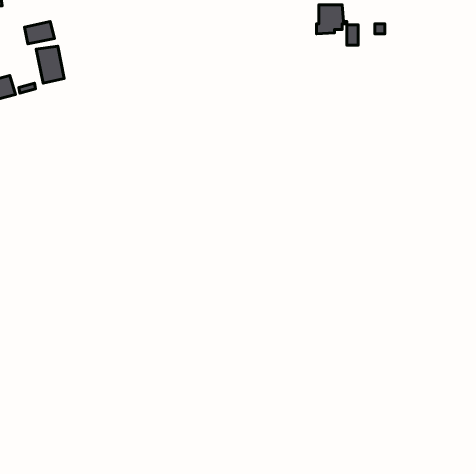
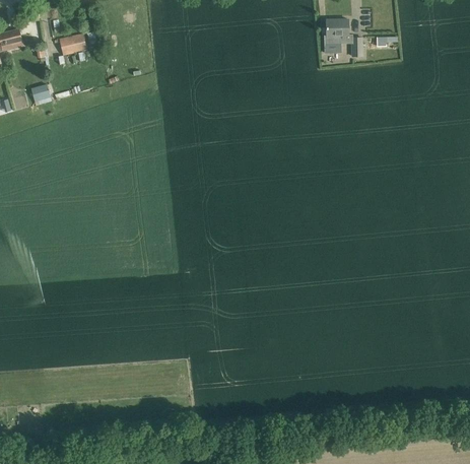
building: [36,46,64,83] -> none

